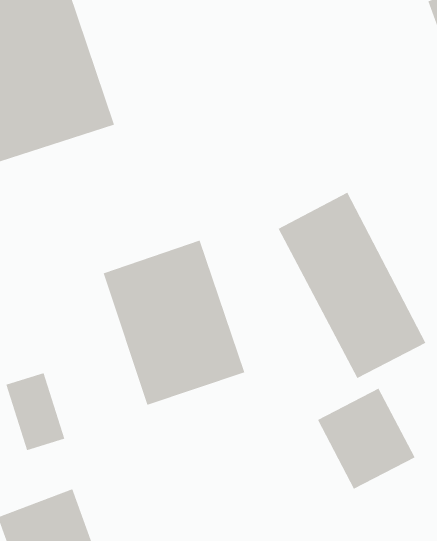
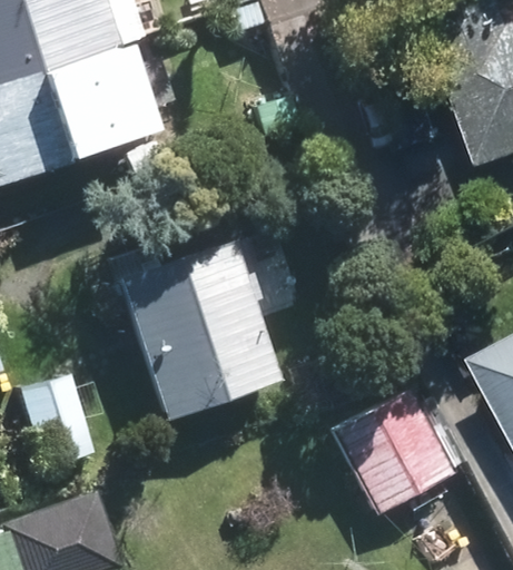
building: [278,192,426,379] -> none

